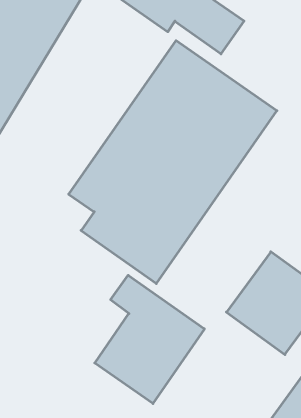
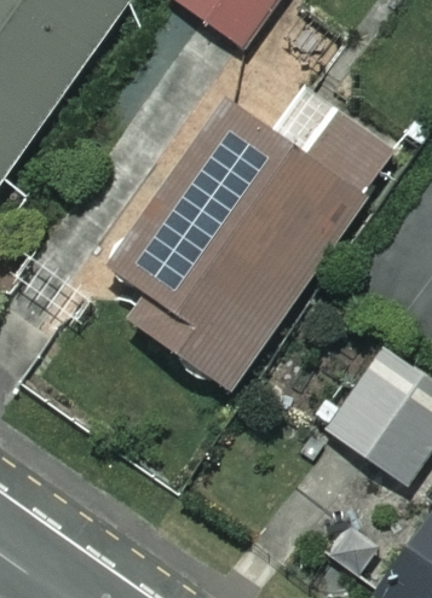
building: [95,275,204,404] -> none

